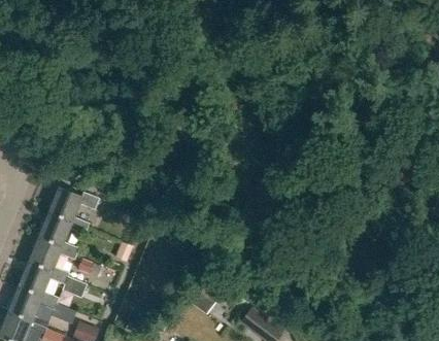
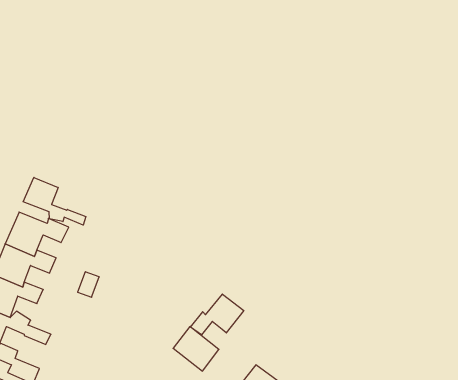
building: none -> [23,177,86,225]
building: none -> [191,294,244,335]

